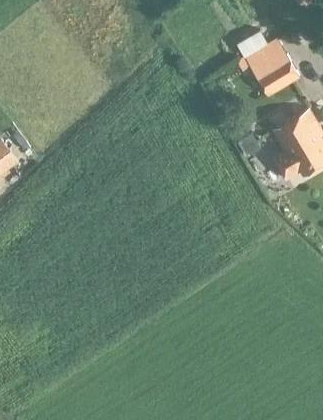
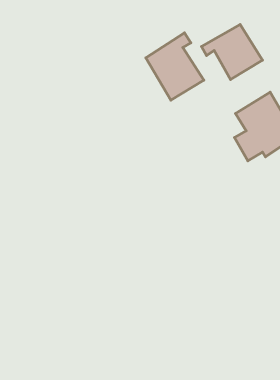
building: none -> [146,33,204,100]

